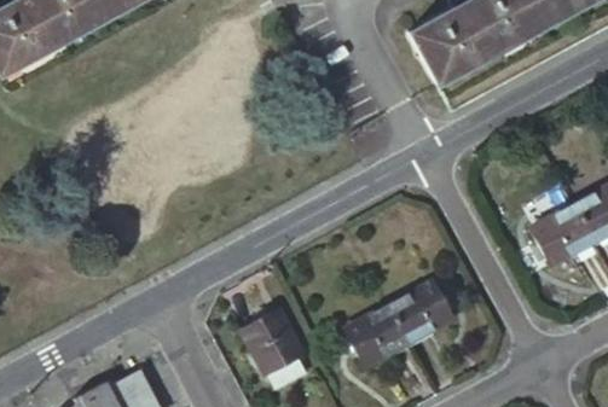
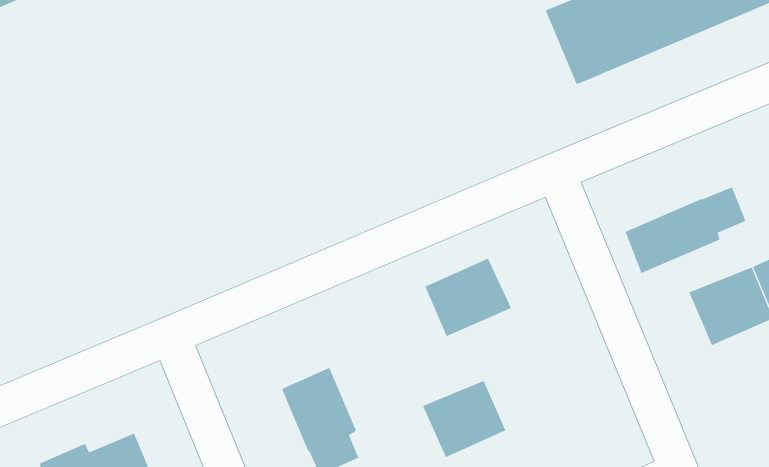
building: none -> [625,187,746,274]
building: [392,283,457,343] -> [424,258,512,337]

